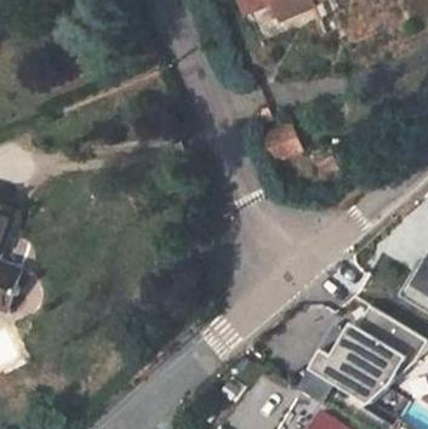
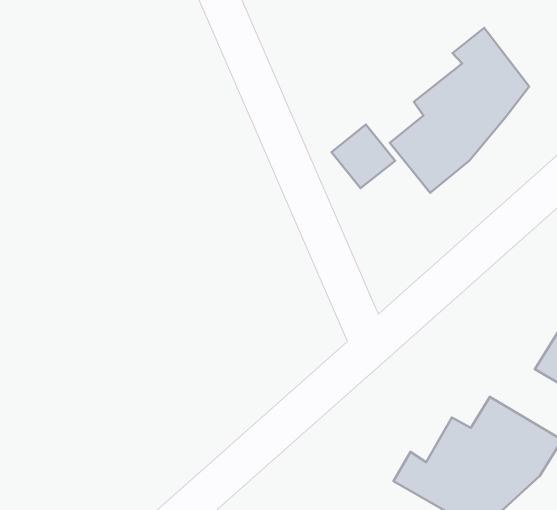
building: none -> [390,28,529,193]

